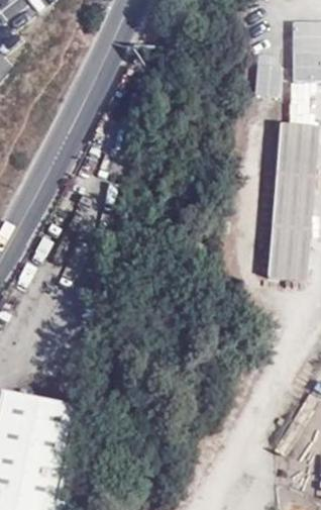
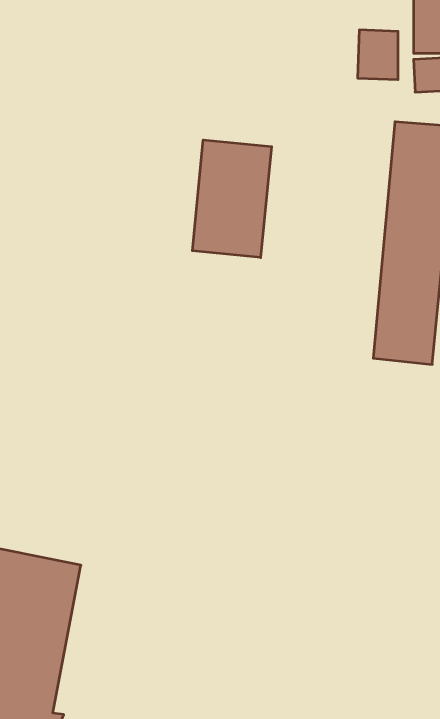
building: none -> [192,140,272,258]

